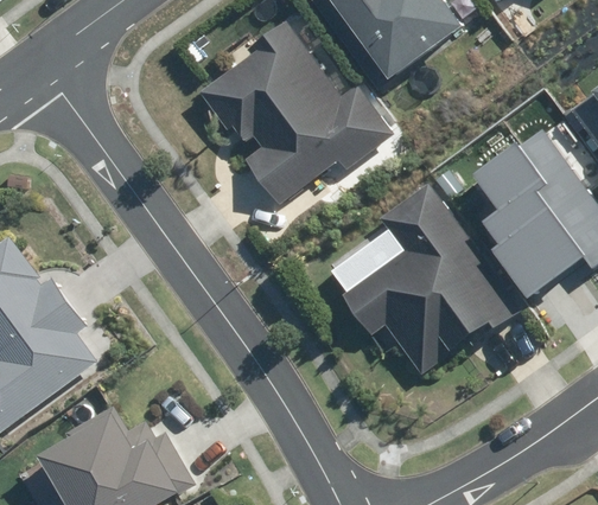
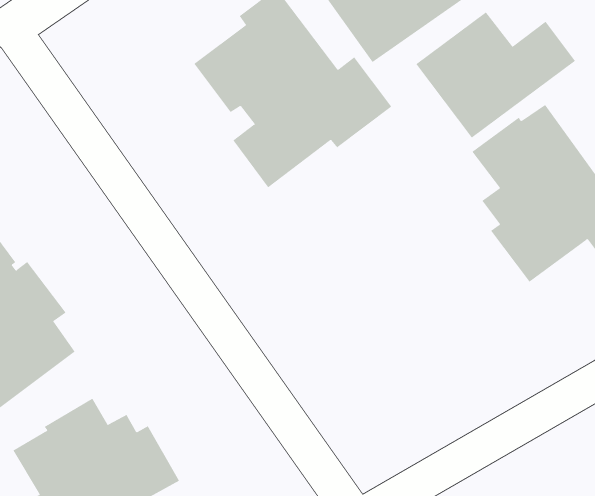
building: none -> [416,11,576,138]
building: [325,181,519,373] -> none

